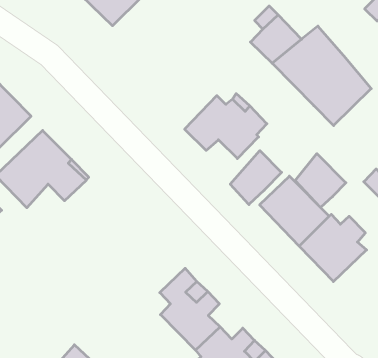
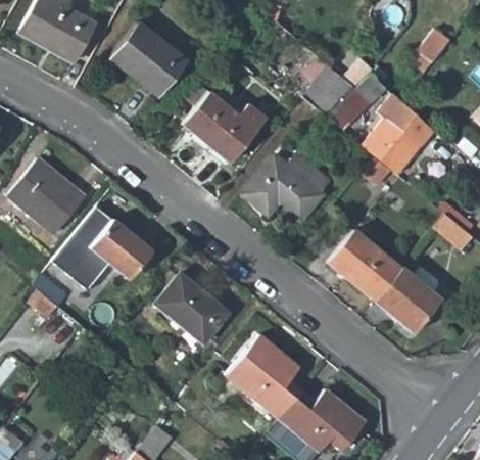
building: none -> [182,92,267,163]
building: [230,151,282,205] -> none
building: [295,154,346,207] -> none
building: none -> [156,273,228,341]

